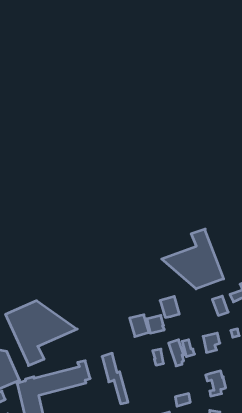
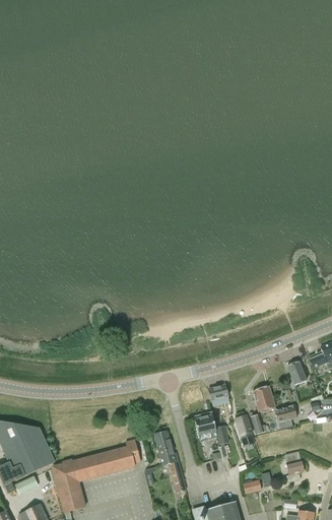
building: [162,229,224,289] -> none
building: [160,296,179,317] -> [252,386,275,411]
building: [6,301,77,366] -> none
building: [130,315,149,337] -> [195,416,218,443]

